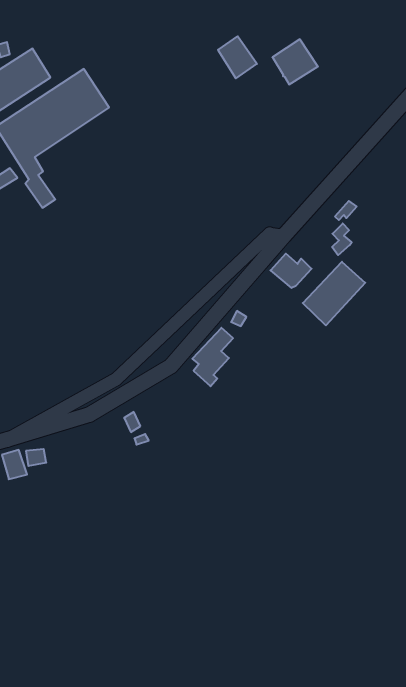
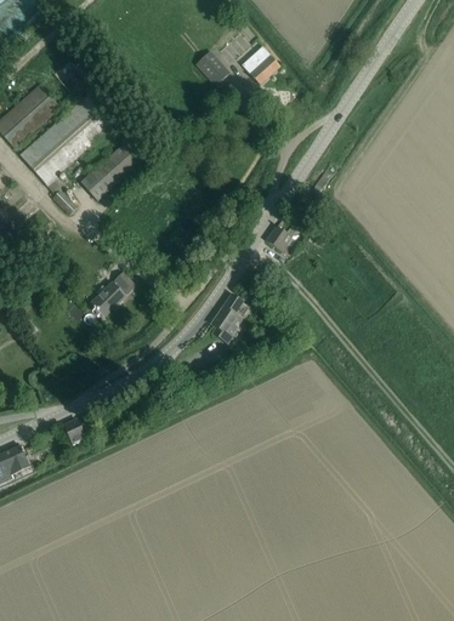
building: none -> [80,141,142,200]
building: [303,262,365,325] -> none
building: none -> [90,272,135,315]

